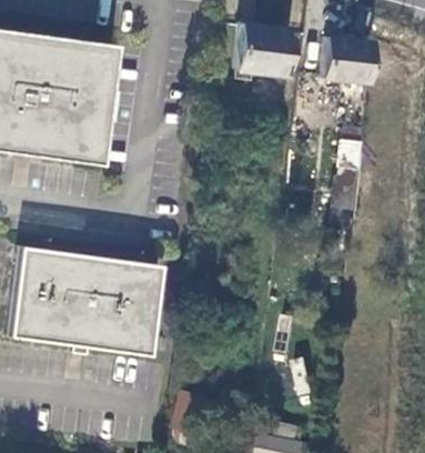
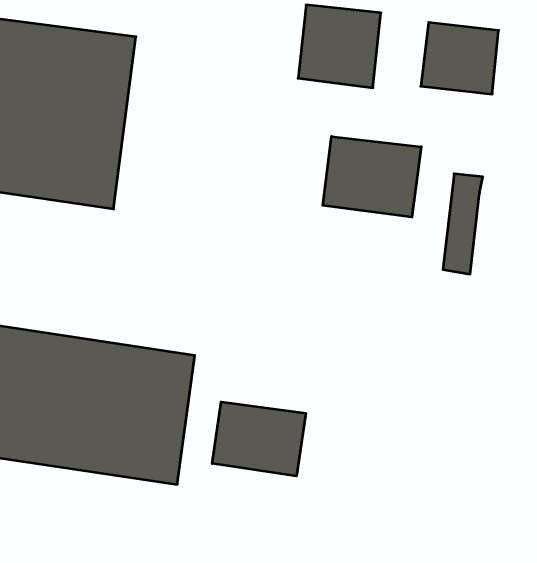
building: none -> [323,136,421,217]
building: none -> [212,402,306,476]

